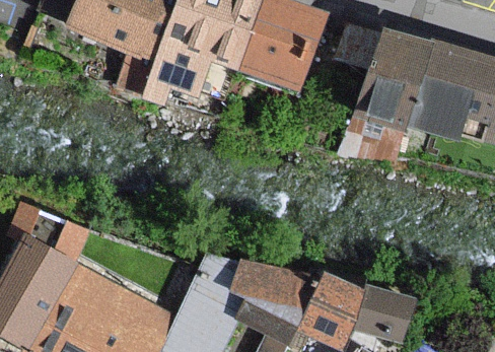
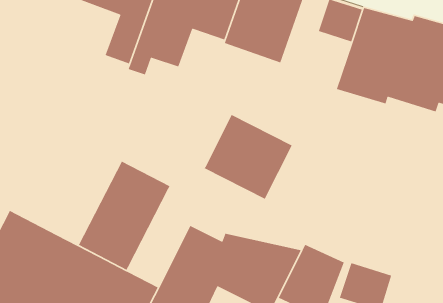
building: none -> [204,114,293,200]
building: none -> [78,160,171,271]

